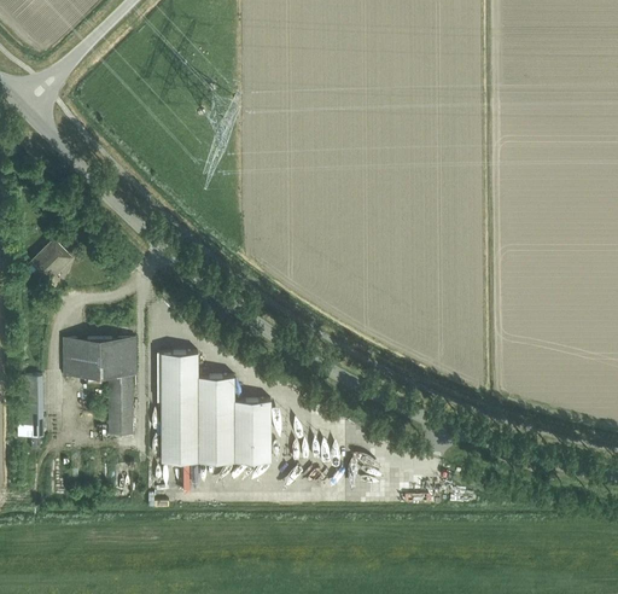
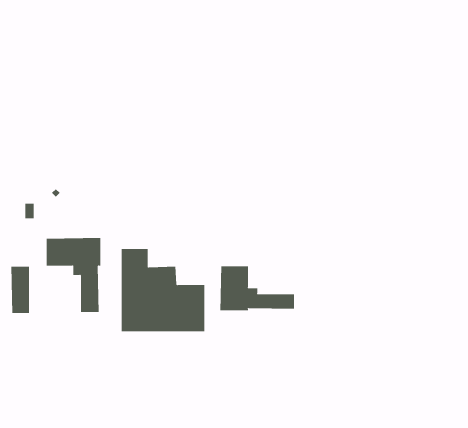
building: [31,247,71,281] -> none
building: none -> [220,265,295,311]

